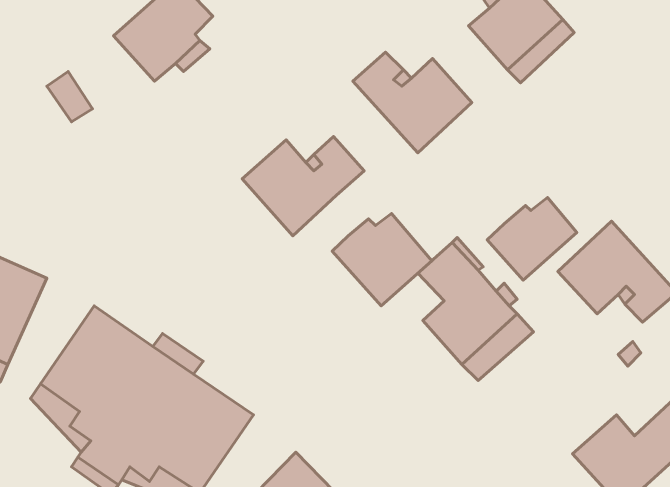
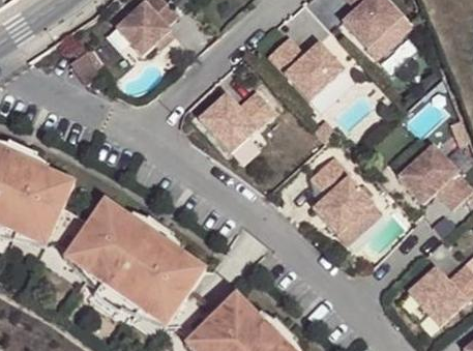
building: [487,197,577,280] -> none
building: [332,213,432,306] -> none

